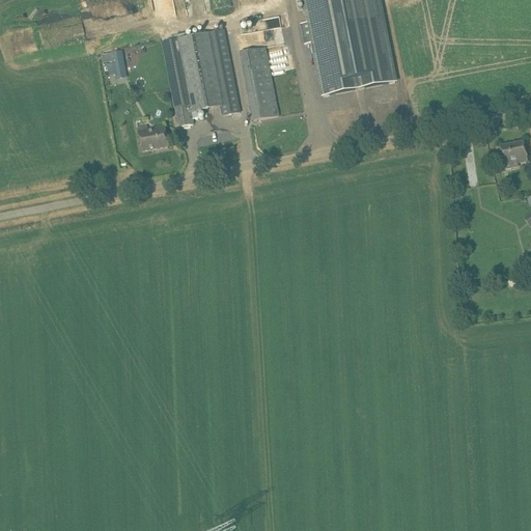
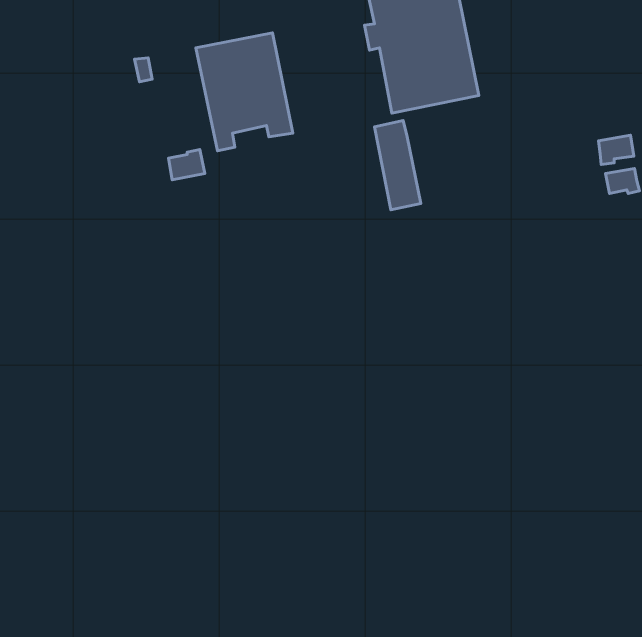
building: [241,44,279,117] -> [374,121,421,210]
building: none -> [598,135,634,165]

